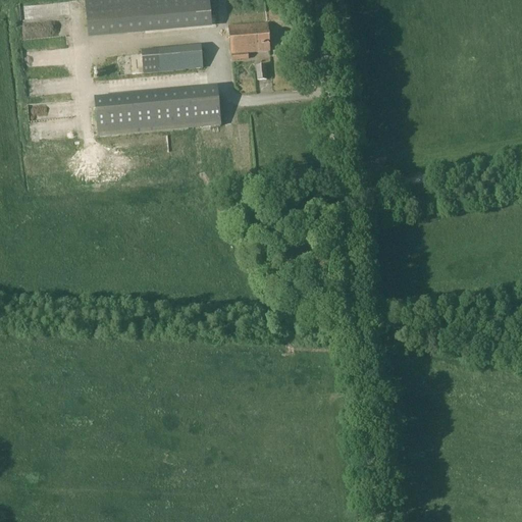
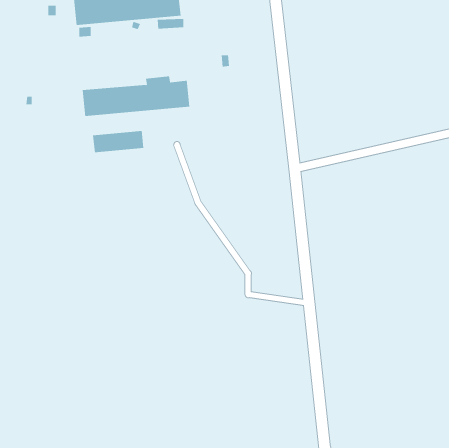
building: [229,22,270,52] -> none
building: [143,46,203,71] -> [92,131,144,153]

